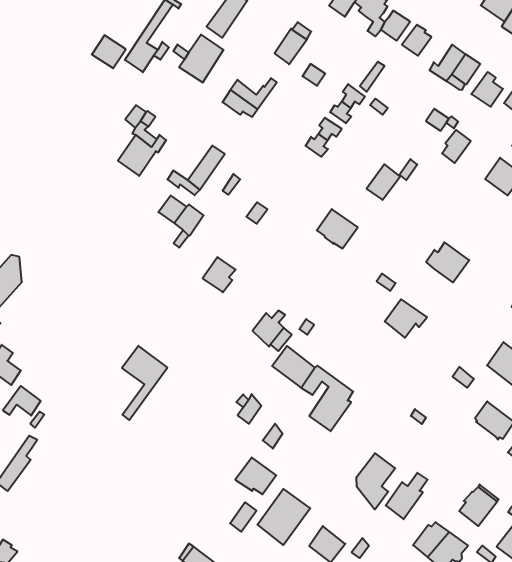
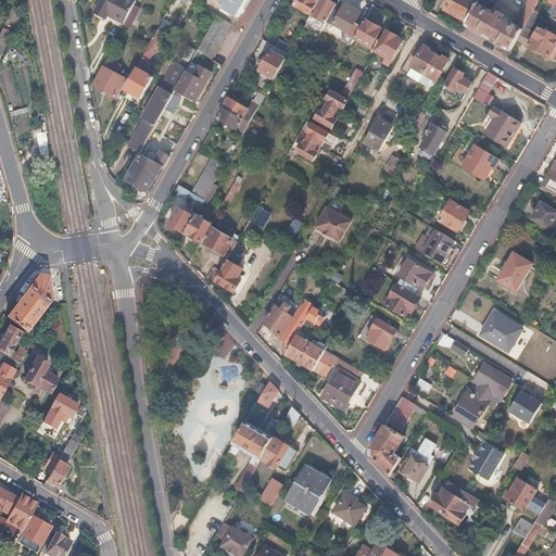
building: none -> [142,85,175,124]
building: [367,164,400,200] -> [365,117,394,150]
building: none -> [439,200,468,230]
building: none -> [204,225,238,255]
building: none -> [399,257,434,289]
building: none -> [366,317,397,349]
building: [122,346,167,420] -> [232,420,274,489]
building: none -> [454,387,494,428]
building: none -> [387,395,416,430]

